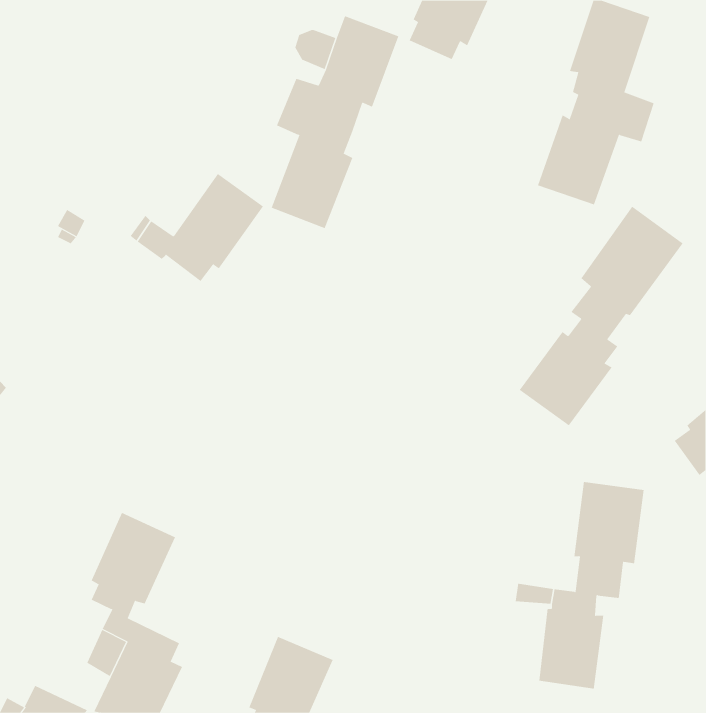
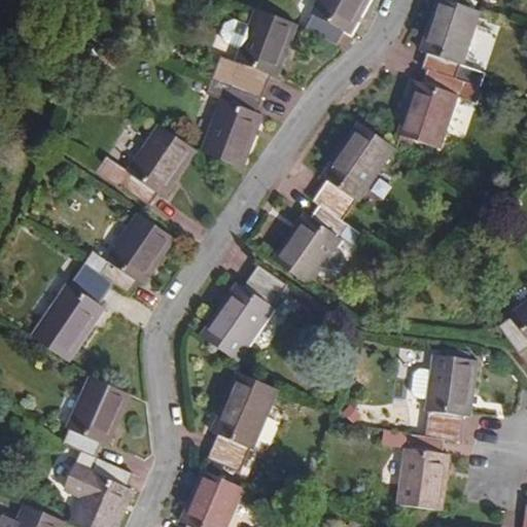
building: [519,206,684,426] -> [272,122,393,285]
building: none -> [31,215,171,361]
building: none -> [204,268,286,360]
building: none -> [208,371,277,470]

